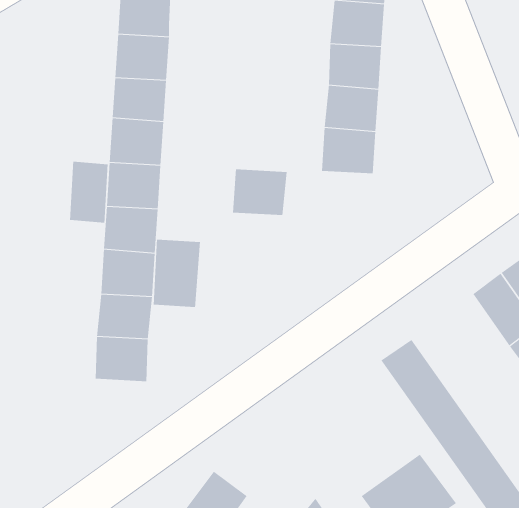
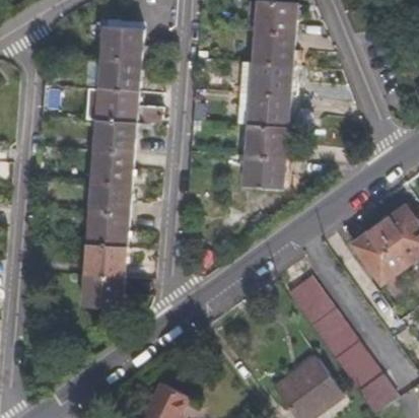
building: [70,161,108,223] -> none
building: [232,169,287,216] -> [245,155,284,189]
building: [153,239,201,308] -> none

